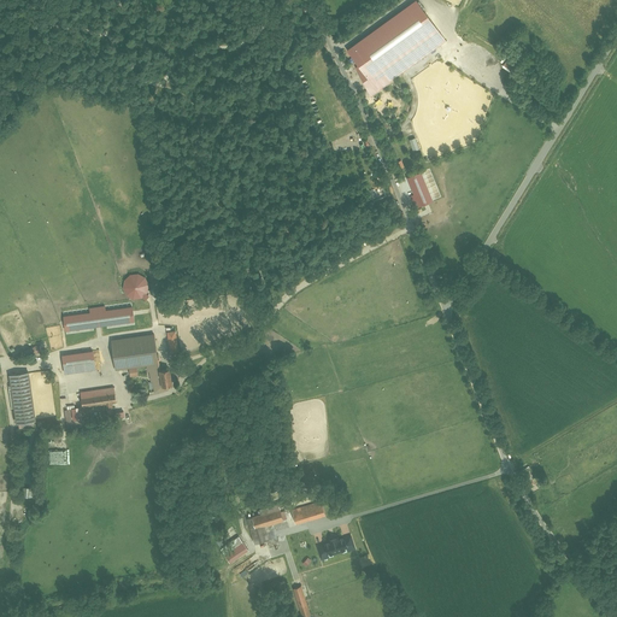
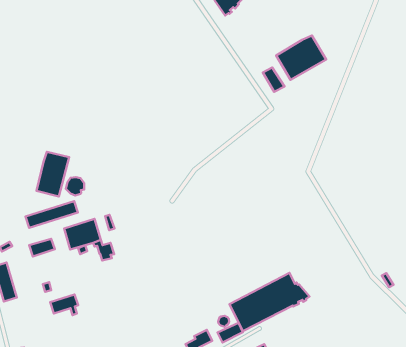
building: none -> [276,35,326,80]
building: none -> [37,152,69,196]
building: [80,387,116,413] -> [50,295,78,315]
building: none -> [230,273,310,331]

